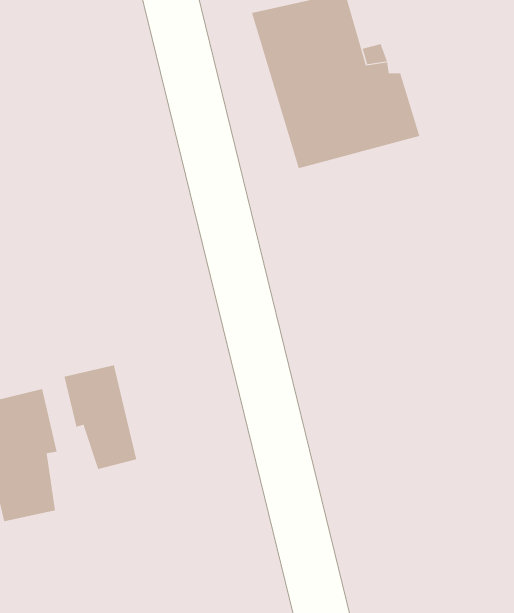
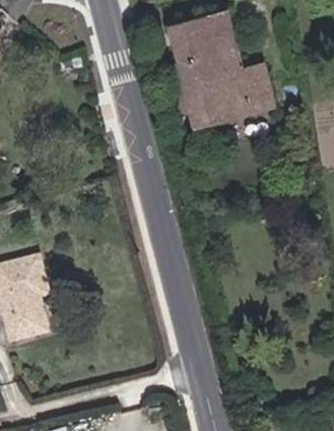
building: [64,365,137,470] -> none

